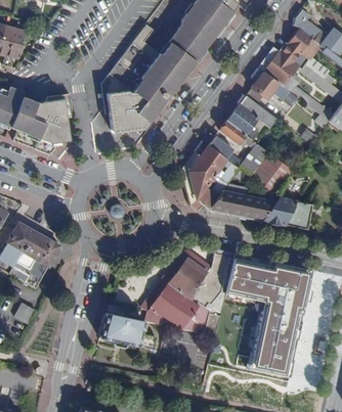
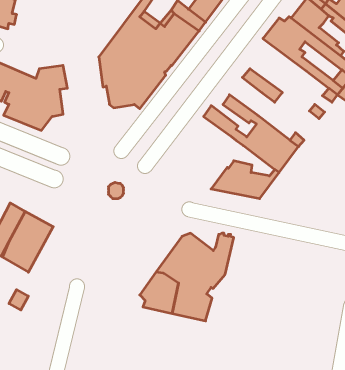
building: [248,66,299,105] -> none
building: [226,103,259,139] -> none
building: [181,140,240,210] -> none
building: [255,193,314,229] -> none
building: [225,261,308,374] -> none
building: [99,312,156,348] -> none

